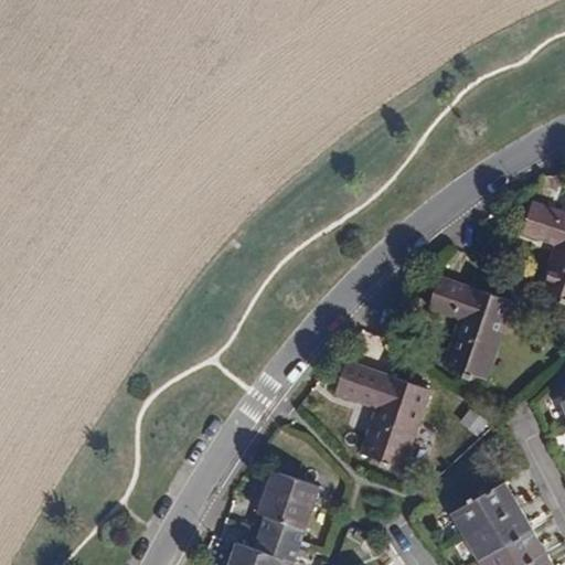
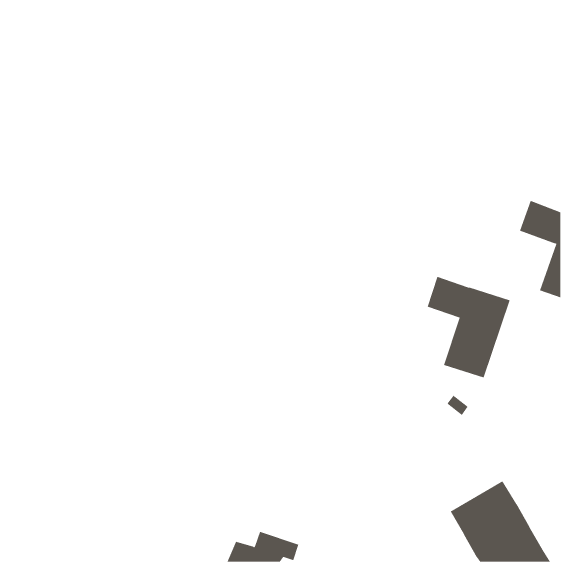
building: [335,362,428,467] -> none
building: [259,471,320,546] -> none

